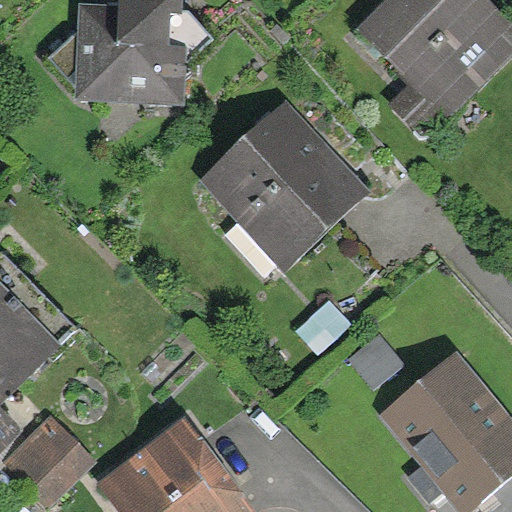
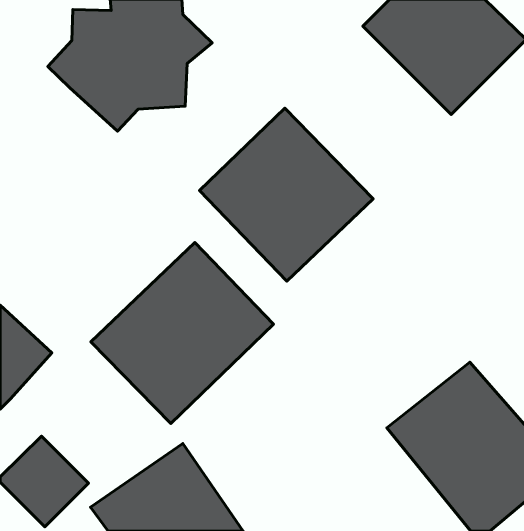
building: none -> [91,243,274,423]

